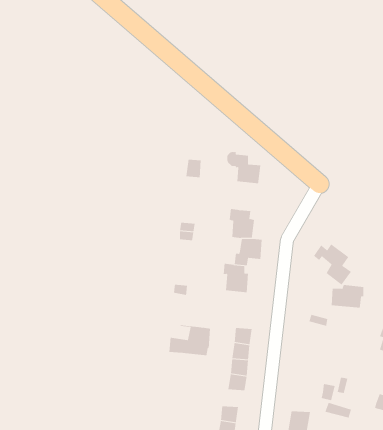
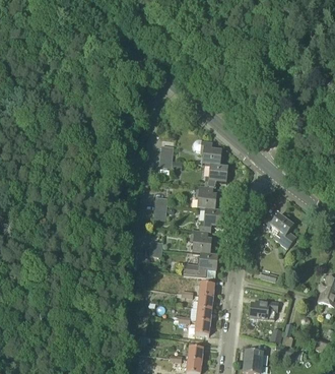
building: none -> [204,164,227,187]
building: [331,285,364,308] -> [250,300,277,319]
building: [169,325,211,356] -> [183,252,217,277]

